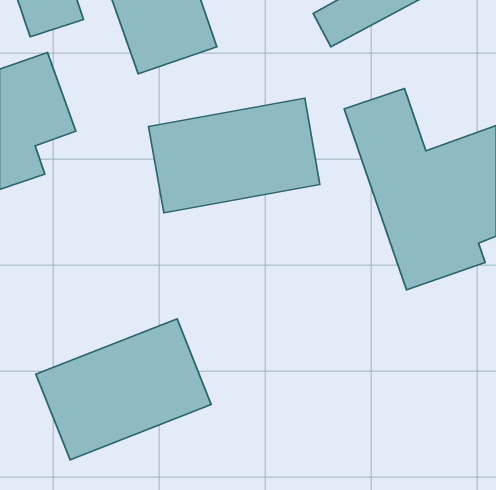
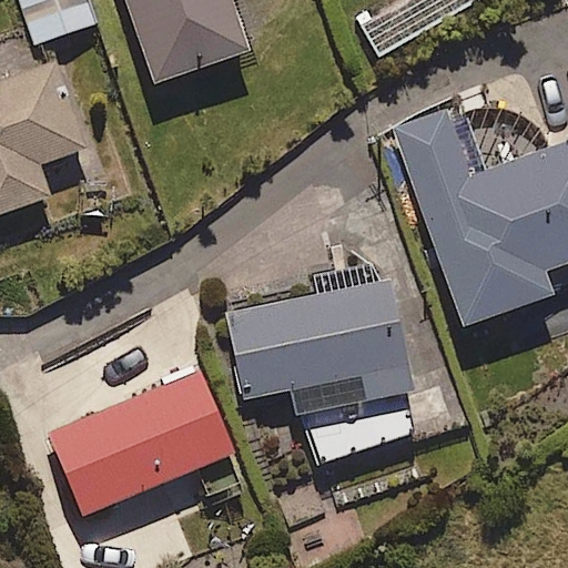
building: [148,98,320,213] -> none
building: none -> [226,258,419,456]

